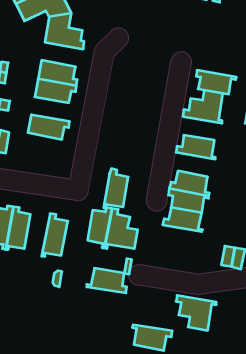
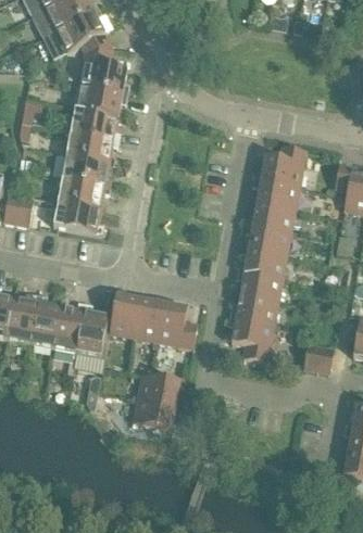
building: none -> [75,84,128,115]
building: [196,70,236,94] -> [254,178,305,208]
building: none -> [62,153,112,185]
building: none -> [53,199,103,232]
building: none -> [246,224,297,255]
building: [104,169,128,209] -> [109,287,140,338]
building: none -> [53,301,86,356]
building: [176,295,216,330] -> [228,316,279,360]
building: [132,325,172,351] -> [132,395,183,428]

